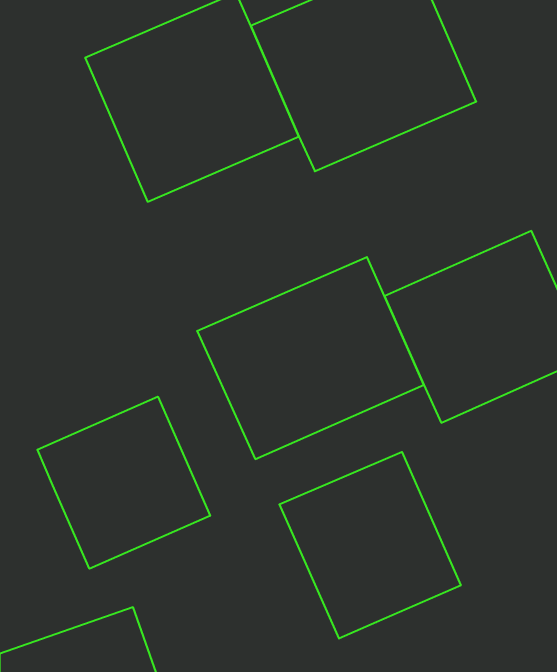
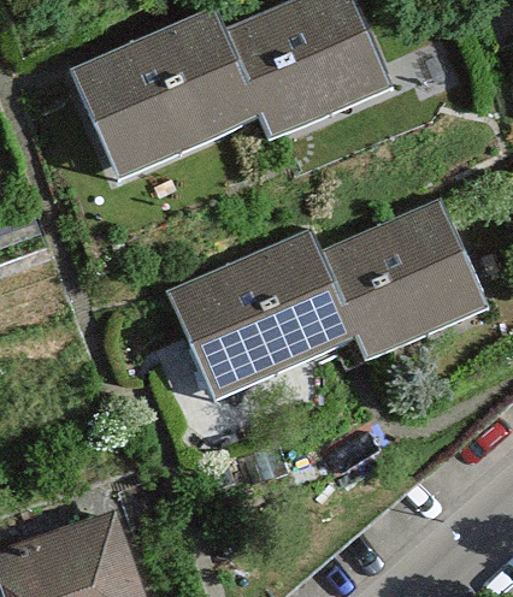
building: [37,397,210,569] -> none
building: [279,452,461,639] -> none

